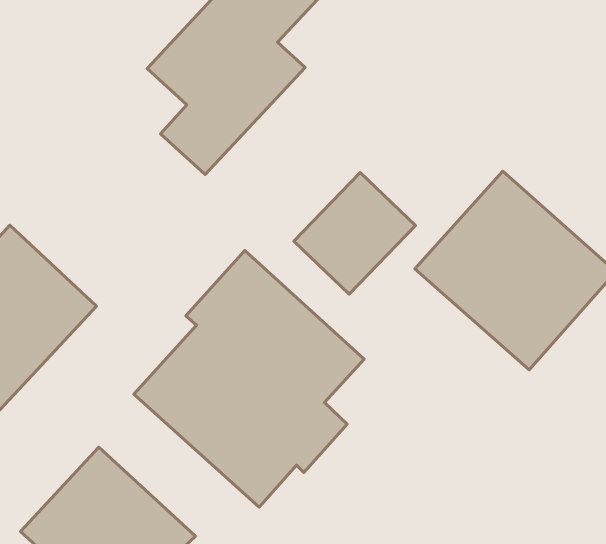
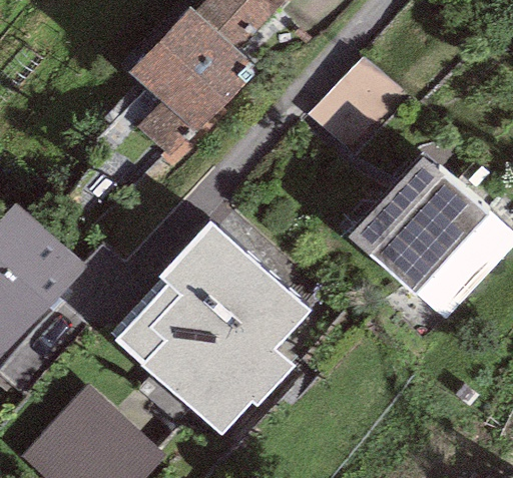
building: [294,173,416,294] -> [308,54,409,155]

